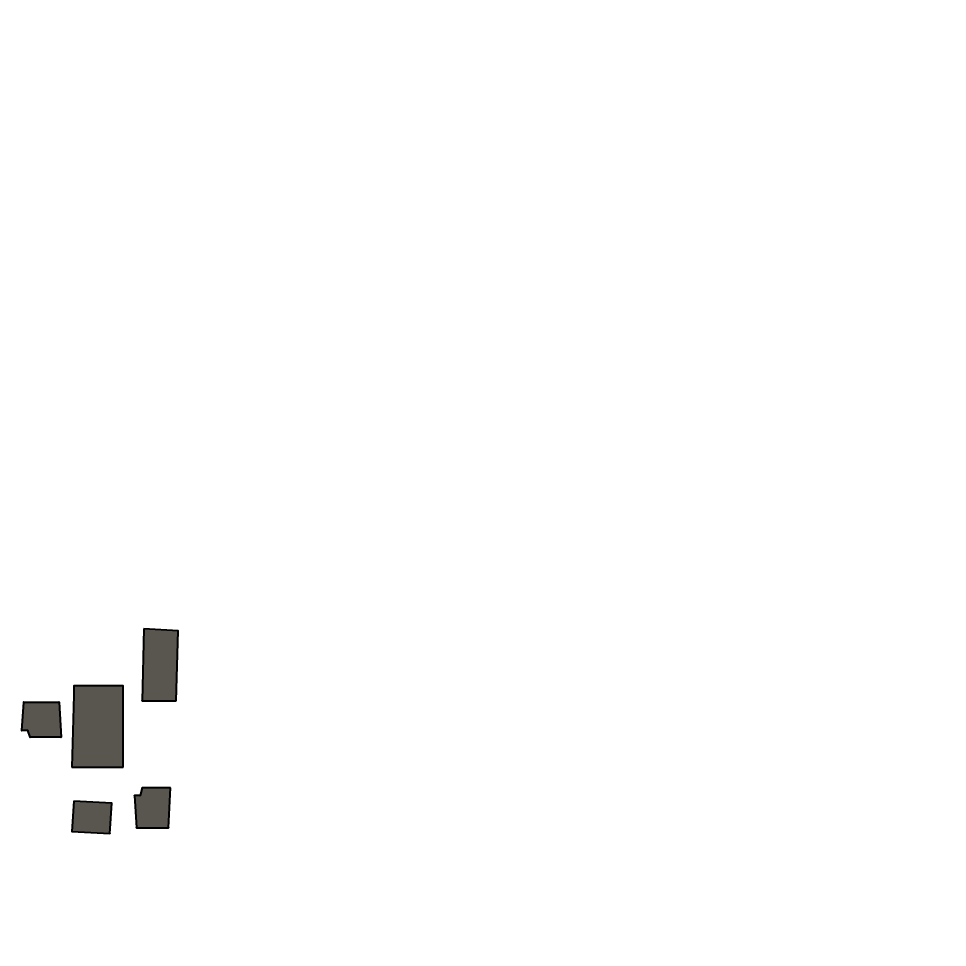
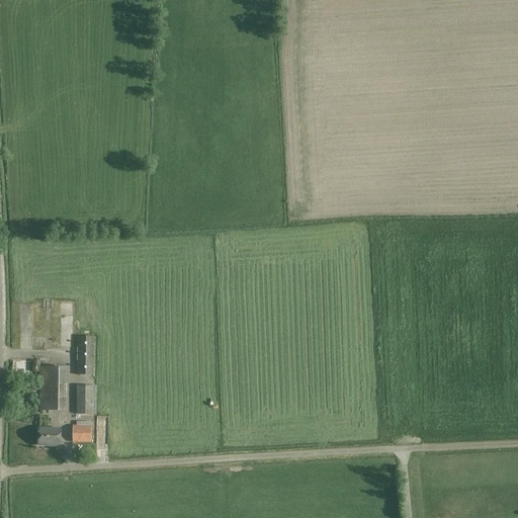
building: [22,702,61,737] -> none
building: none -> [76,384,93,414]

